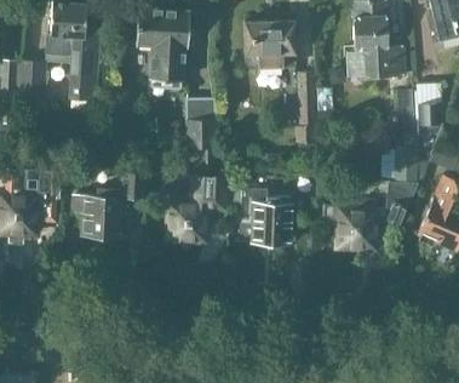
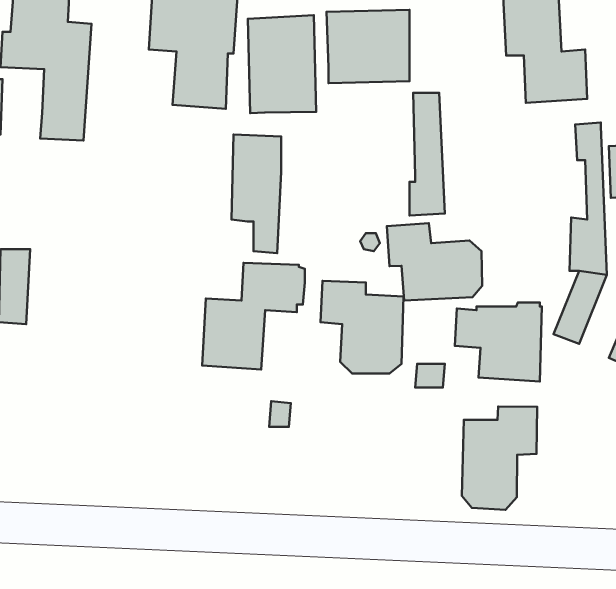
building: none -> [248,15,316,113]
building: none -> [387,223,482,300]
building: [73,173,147,240] -> none
building: none -> [462,406,537,510]

